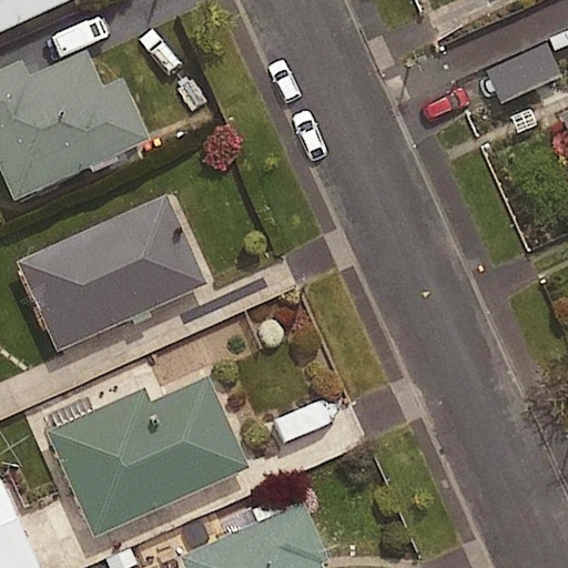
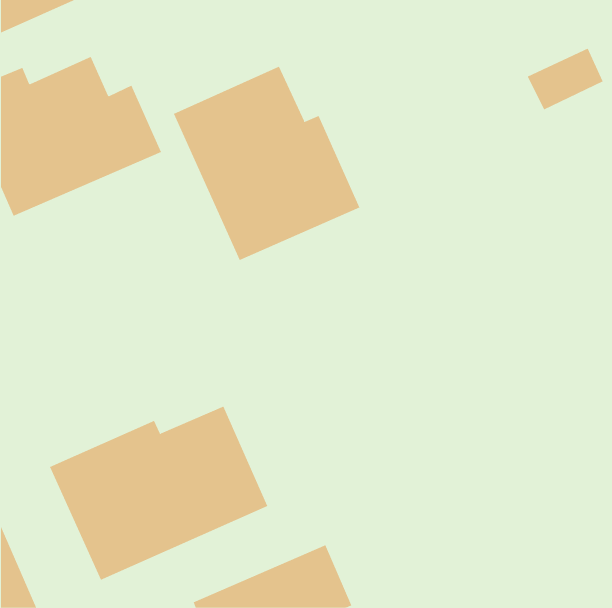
building: none -> [173,66,360,261]
building: [14,195,205,353] -> none

